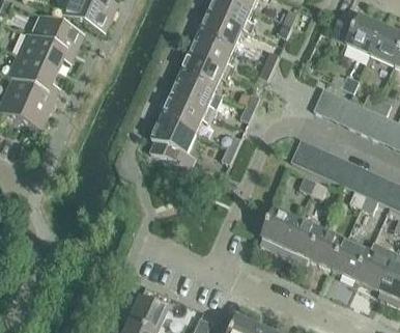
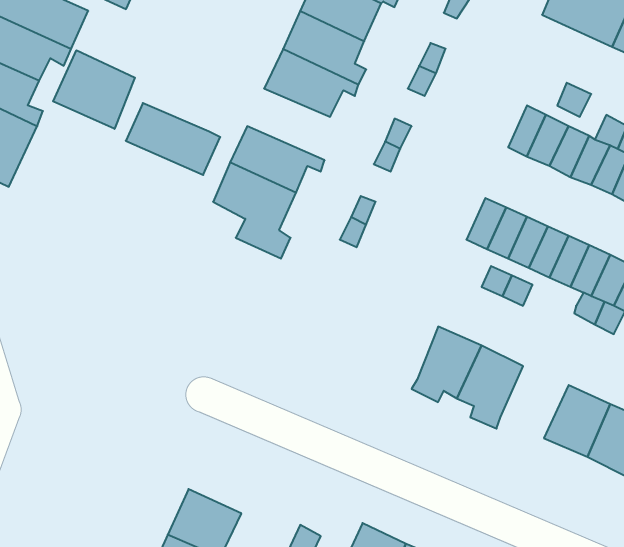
building: none -> [53,50,135,129]
building: [170,77,222,116] -> [126,103,220,175]
building: [309,229,346,269] -> none

